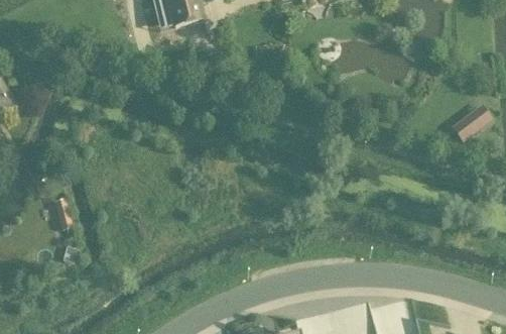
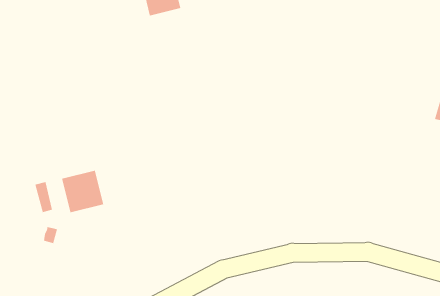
building: none -> [62,170,104,213]

